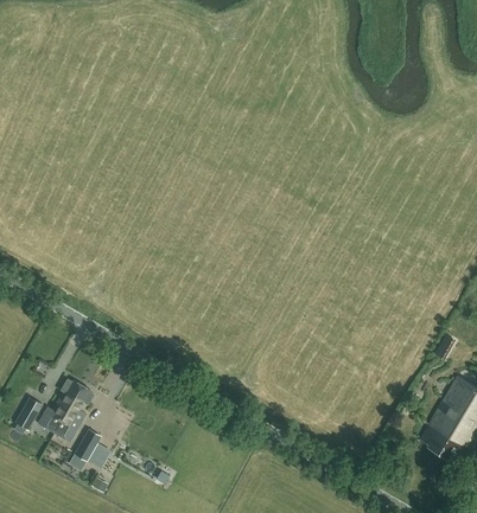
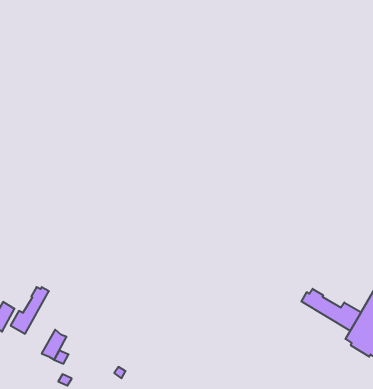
building: none -> [301,289,361,331]
building: [53,384,91,442] -> none

